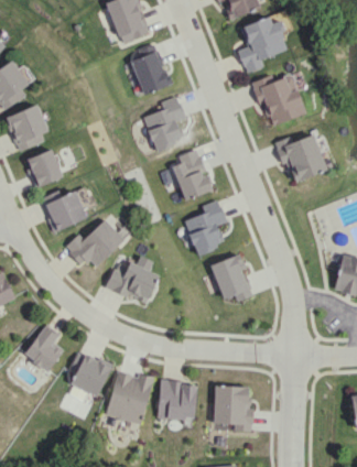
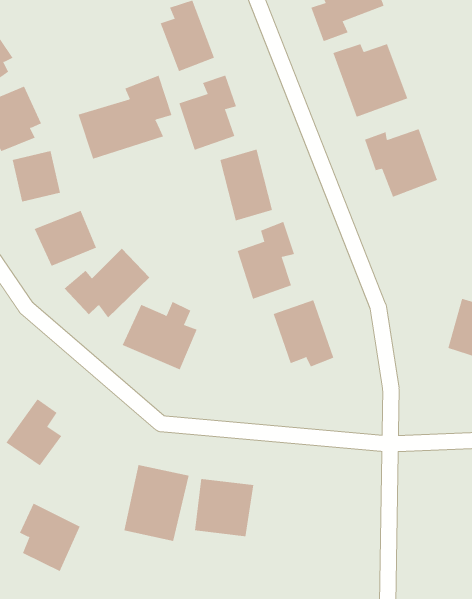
building: none -> [78,75,172,160]
building: [68,349,111,398] -> [19,503,80,572]
building: [213,385,250,432] -> none

